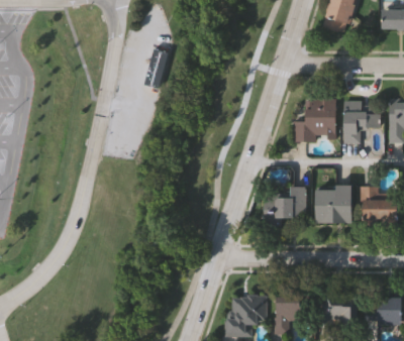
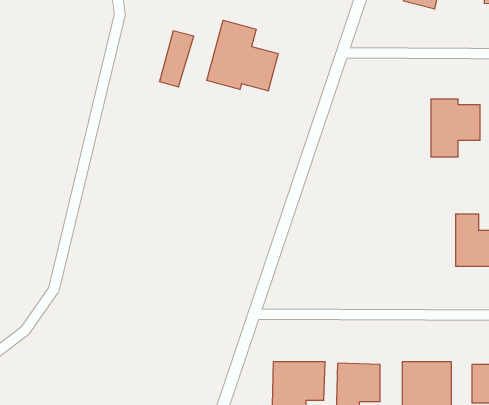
building: none -> [207,20,278,91]
building: [291,99,336,140] -> none
building: [315,187,352,223] -> none
building: [266,188,305,218] -> none

